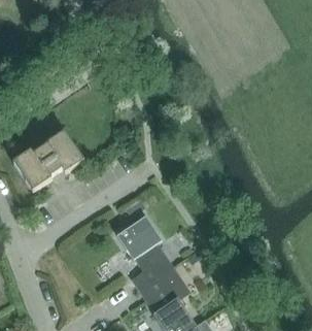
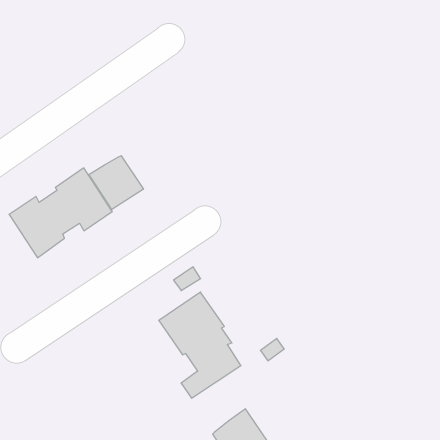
building: none -> [89,156,143,209]
building: [139,267,190,313] -> none

